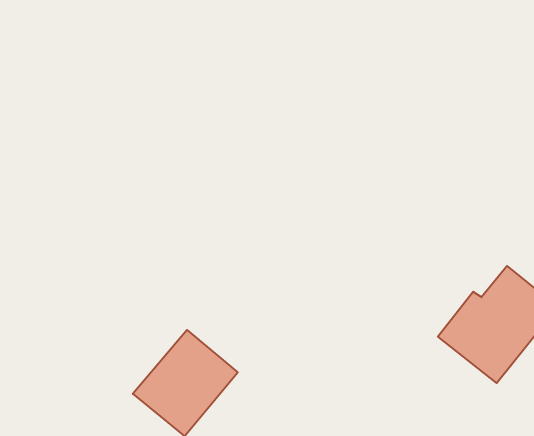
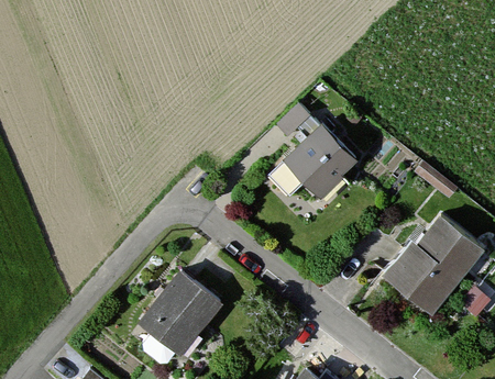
building: none -> [271,122,361,200]

